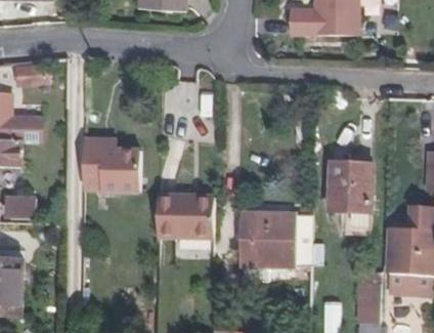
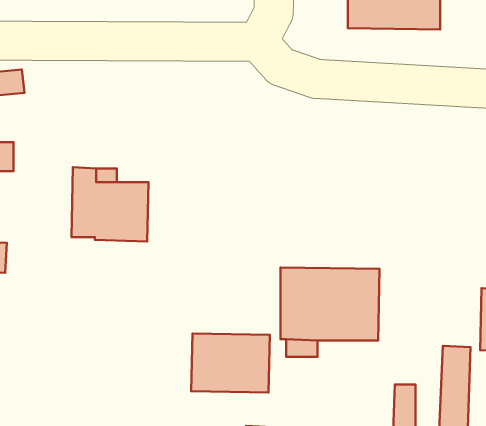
building: [328,162,373,212] -> none
building: [157,194,215,238] -> [191,333,270,393]

